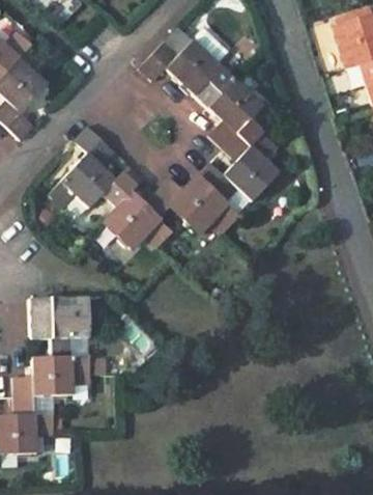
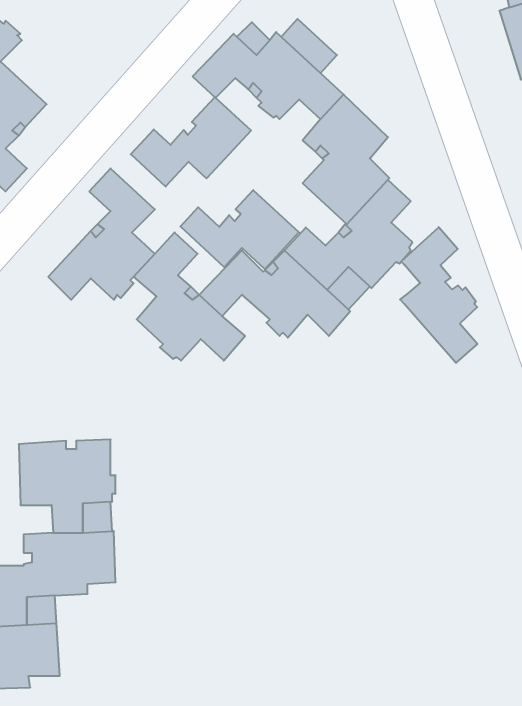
building: none -> [131,97,251,187]
building: none -> [180,190,299,269]
building: none -> [400,227,477,363]

